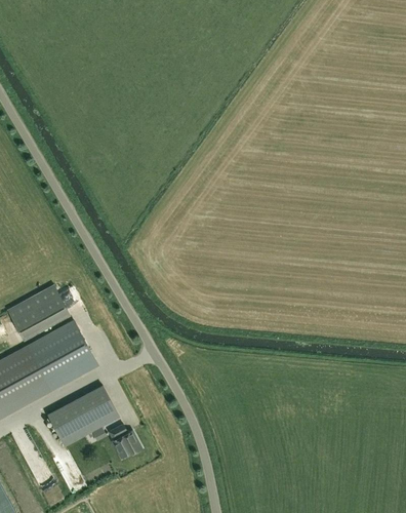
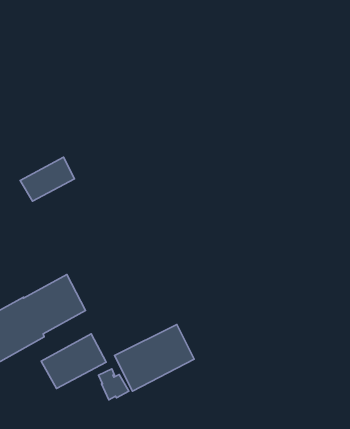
building: [7,284,67,332] -> [20,157,75,201]
building: none -> [114,324,194,391]

